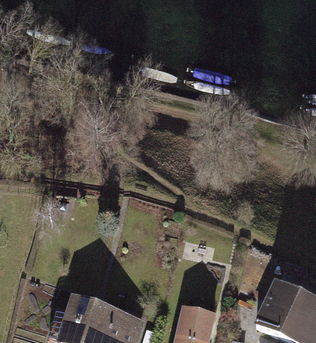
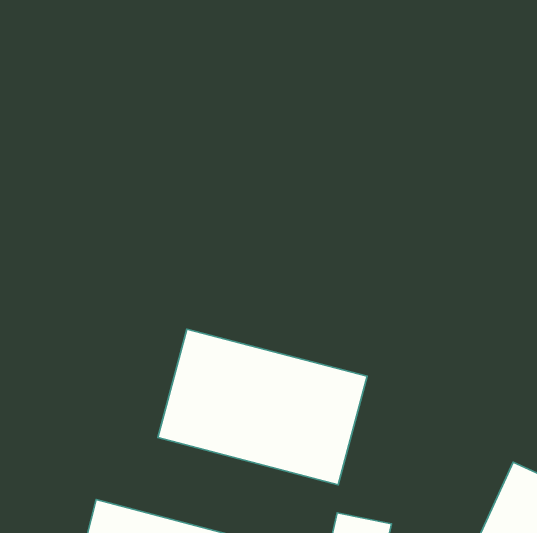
building: none -> [158,329,367,485]

